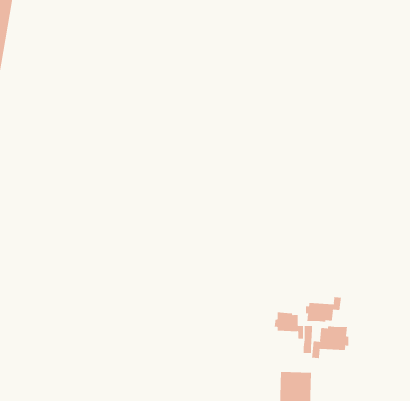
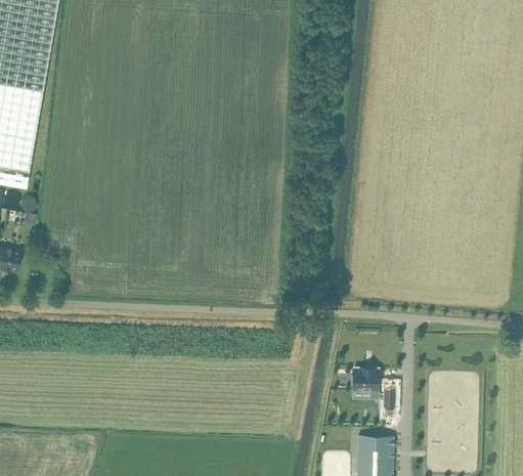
building: [305,295,341,323] -> none
building: [312,326,349,360] -> none

